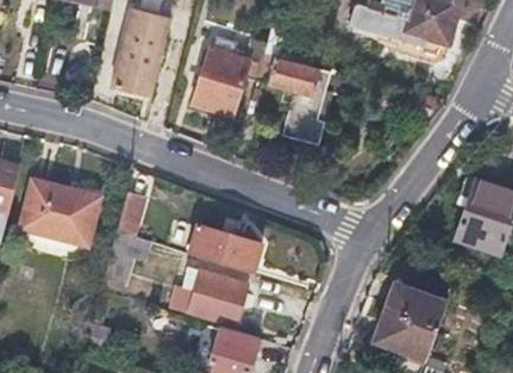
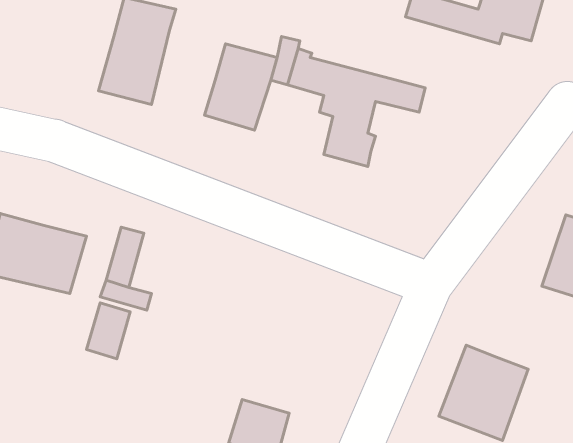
building: [188,225,262,273] -> none
building: [188,271,248,323] -> none

